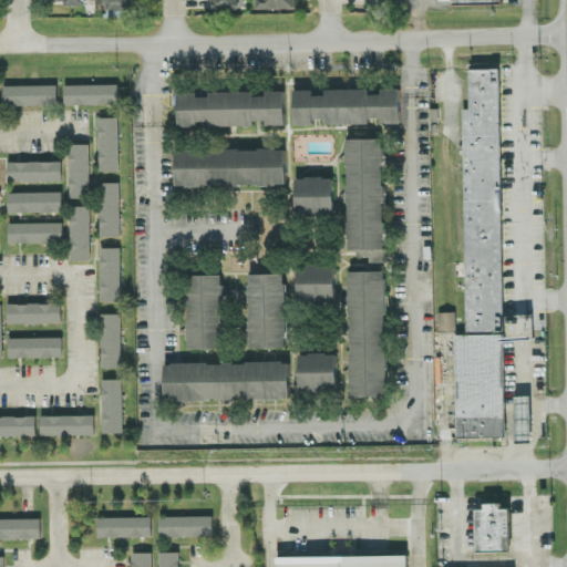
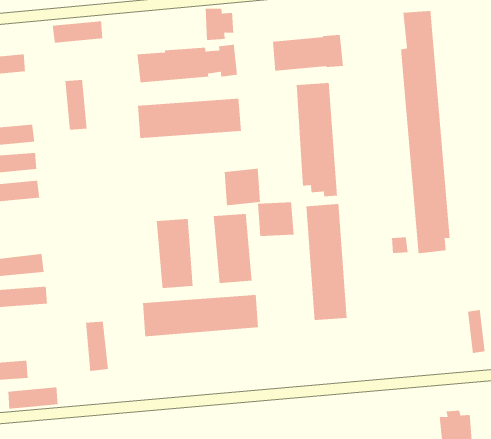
building: [63,84,117,105] -> [52,20,103,43]
building: [292,90,323,125] -> [205,8,234,41]
building: [68,144,89,198] -> none
building: [295,177,332,216] -> [224,168,261,206]
building: [99,183,120,237] -> none
building: [69,206,90,261] -> none
building: [100,248,121,302] -> none
building: [100,313,121,369] -> none
building: [454,334,504,439] -> none
building: [297,353,336,391] -> none
building: [40,415,94,436] -> [7,386,59,409]

